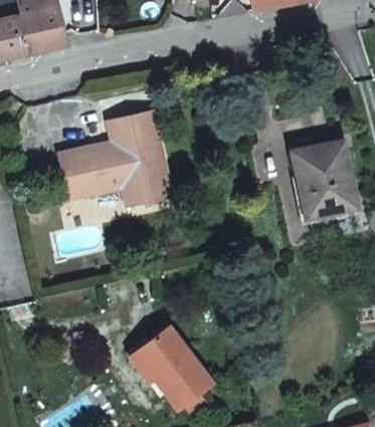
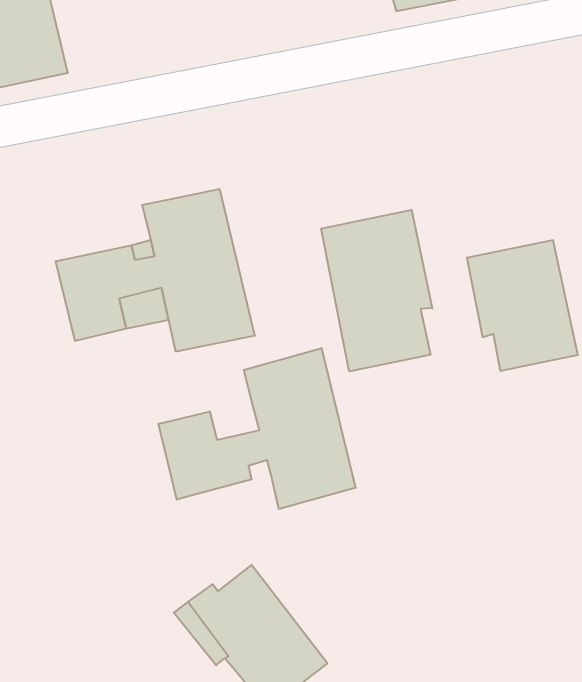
building: none -> [321,210,432,371]
building: none -> [159,348,355,509]

